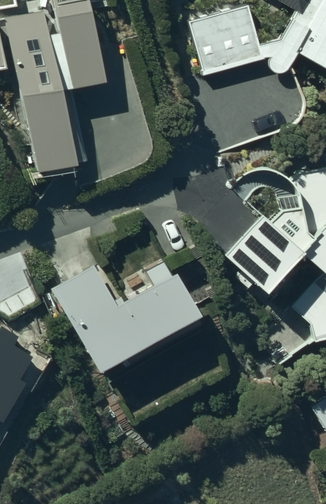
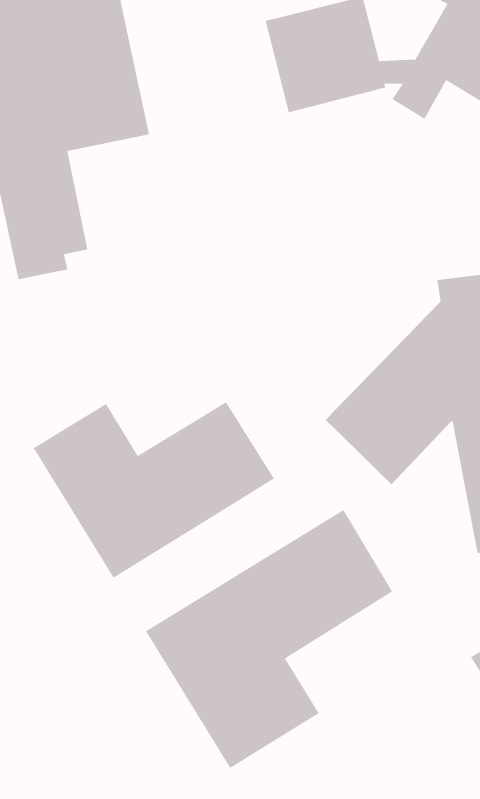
building: none -> [145,509,393,769]

